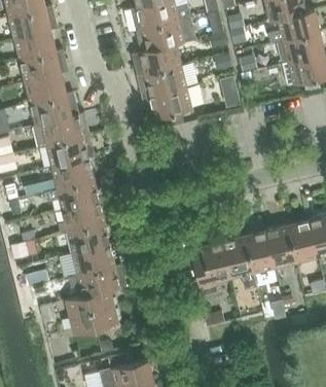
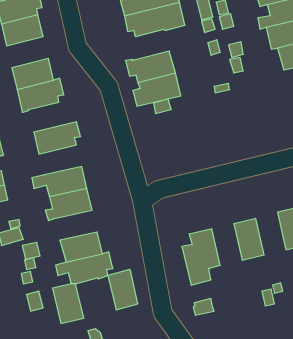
building: [139,43,180,74] -> none
building: [20,48,66,81] -> none
building: [31,113,88,147] -> none
building: [51,157,94,187] -> none
building: [67,222,109,252] -> none
building: [265,224,295,267] -> none
building: [222,236,256,289] -> none
building: [87,289,117,329] -> [108,269,138,310]

